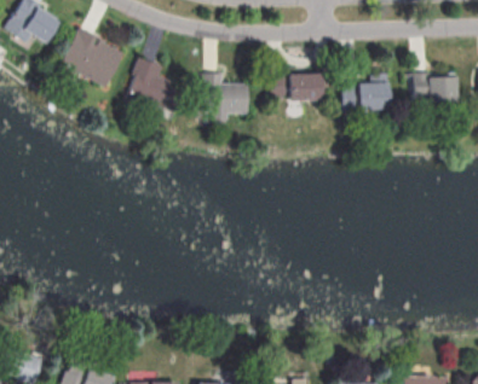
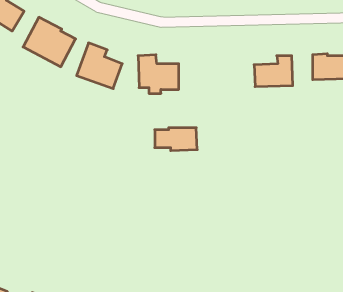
building: [271,72,323,100] -> [155,128,197,151]

